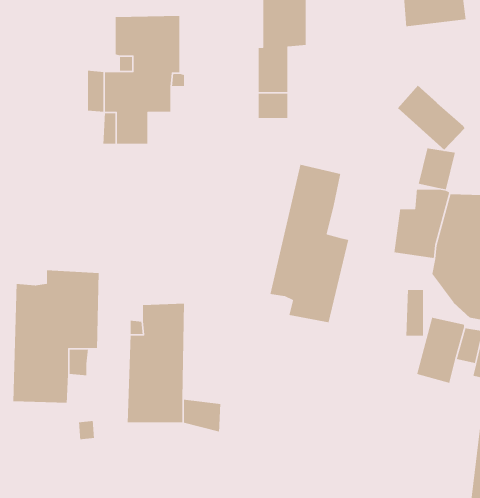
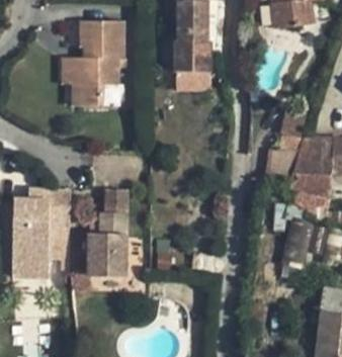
building: [397,85,466,150] -> none
building: [269,164,349,323] -> none

